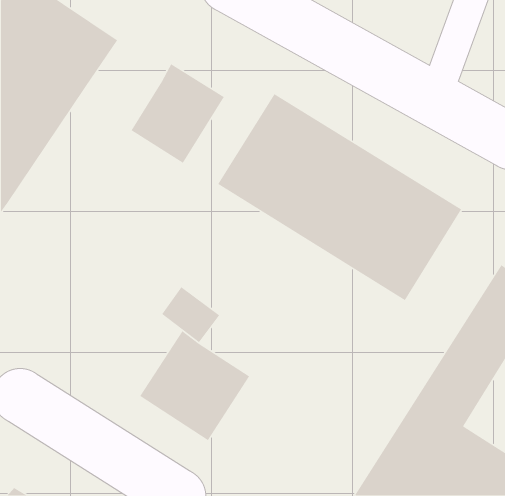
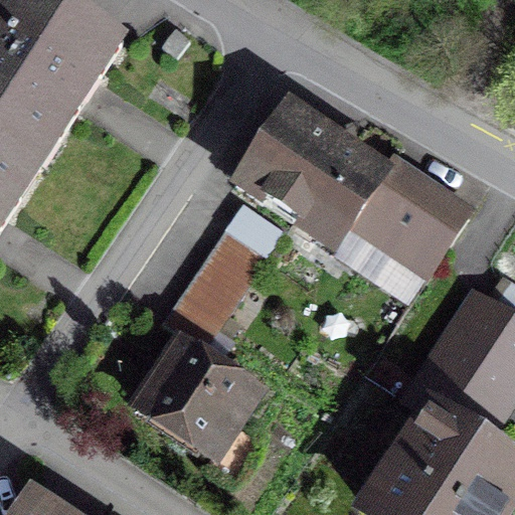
building: [130,63,225,164] -> none
building: none -> [188,223,270,317]

